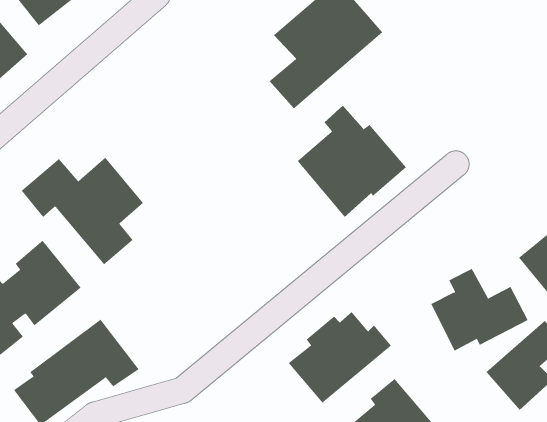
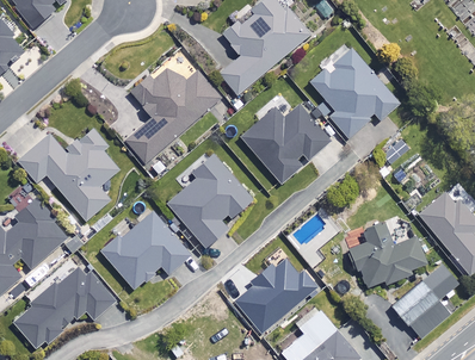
building: none -> [309,49,399,137]
building: none -> [125,68,221,162]
building: none -> [167,154,252,247]
building: none -> [101,211,191,288]

